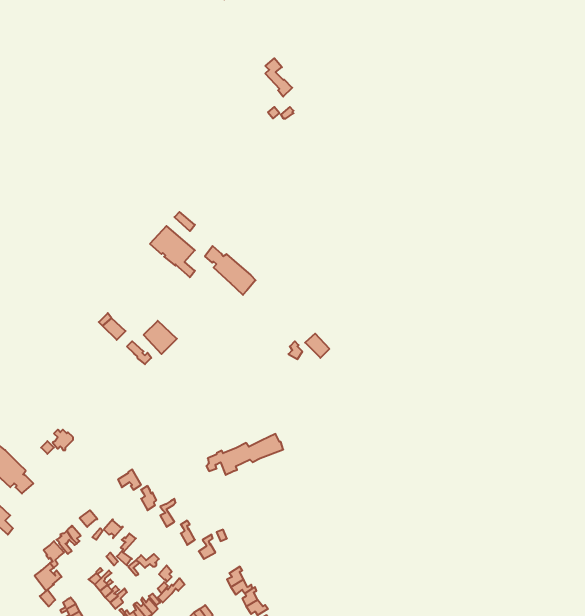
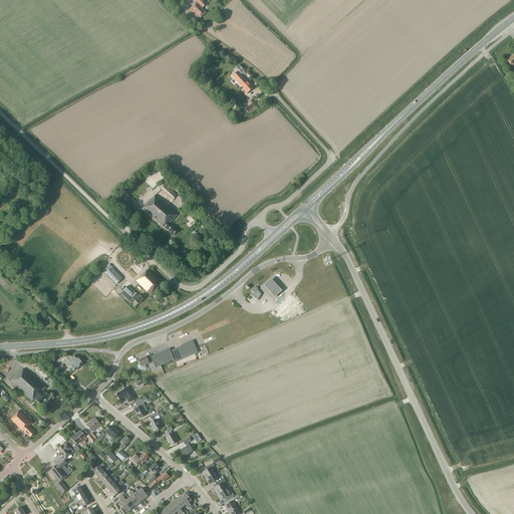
building: [205,246,256,295] -> none
building: [206,434,283,475] -> [138,340,198,372]

